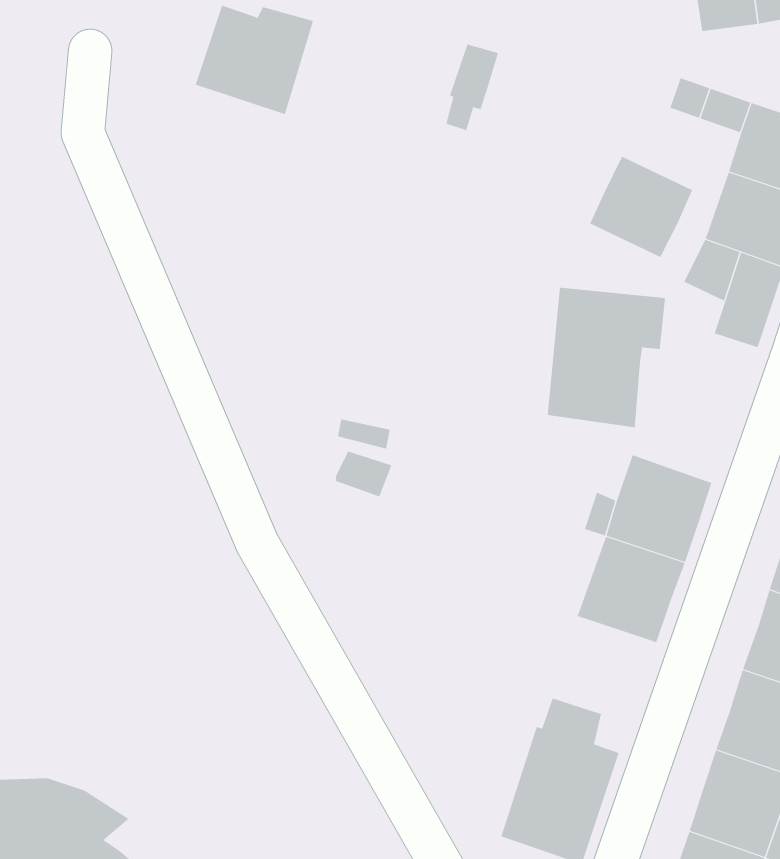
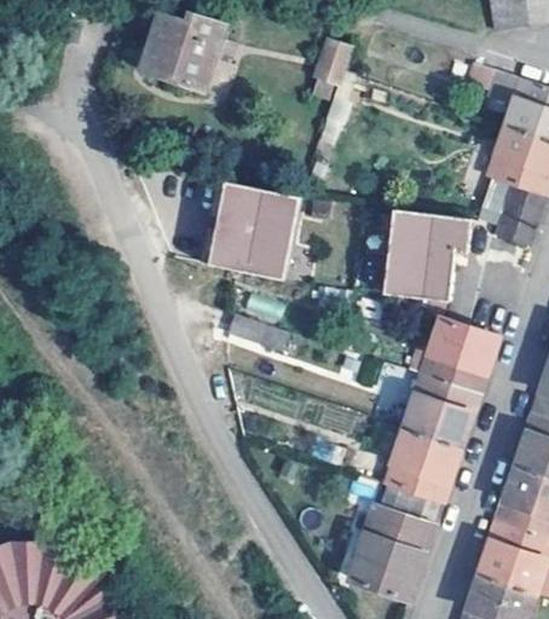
building: [589,156,693,258] -> none
building: none -> [202,183,293,279]
building: none -> [385,429,458,503]

